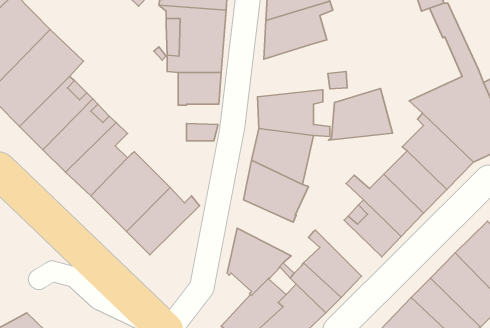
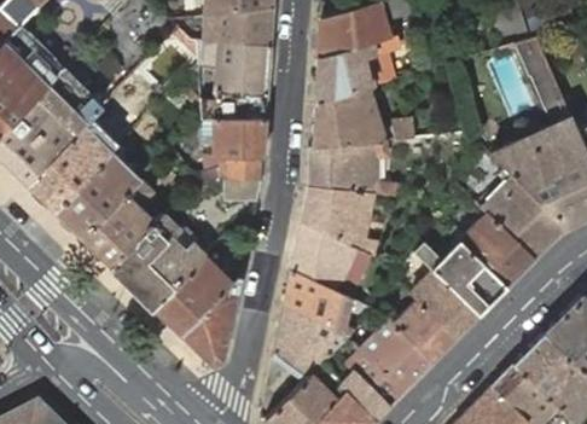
building: [328,88,393,140] -> [309,87,385,149]
building: none -> [200,157,263,191]
building: none -> [285,271,360,337]
building: none -> [181,277,242,365]
building: none -> [394,300,457,361]

